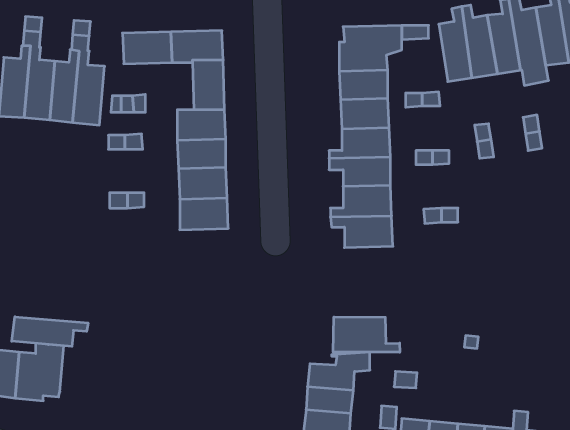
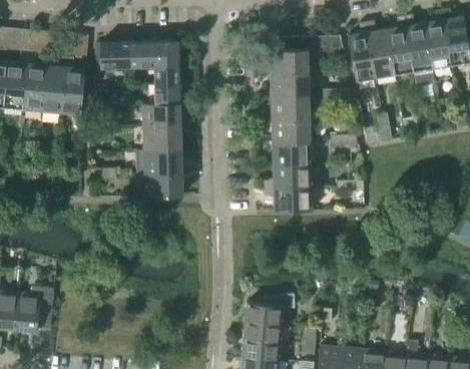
building: [12,317,88,346] -> none
building: [333,317,400,352] -> none

